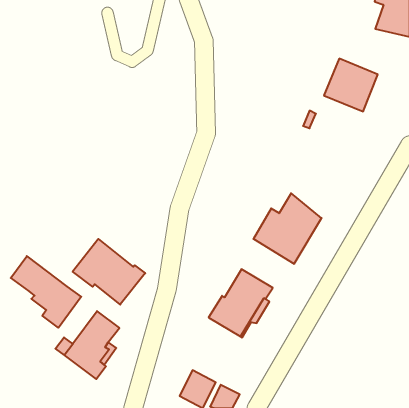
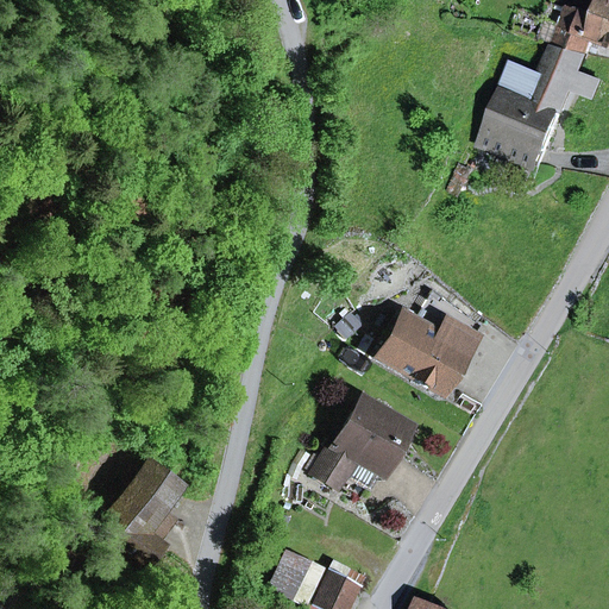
building: none -> [504,44,602,111]
building: [73,239,145,305] -> none
building: [11,256,81,328] -> none

